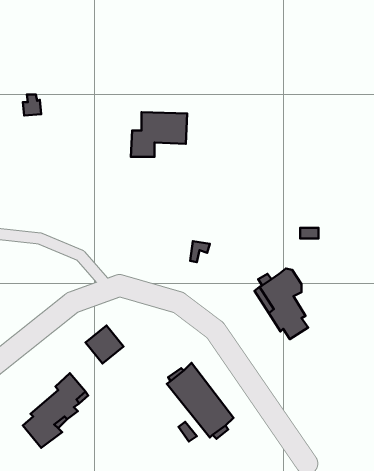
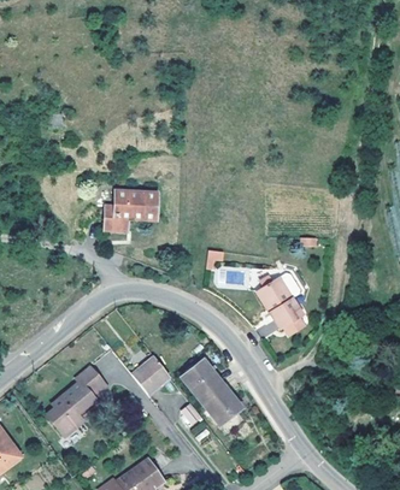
building: [131,112,187,157] -> [99,190,151,231]
building: [85,326,123,363] -> [133,359,167,394]

